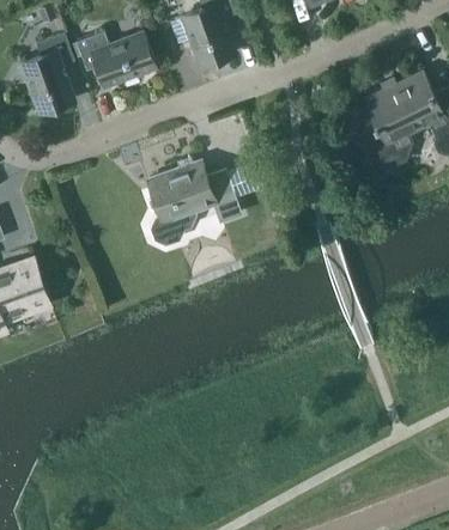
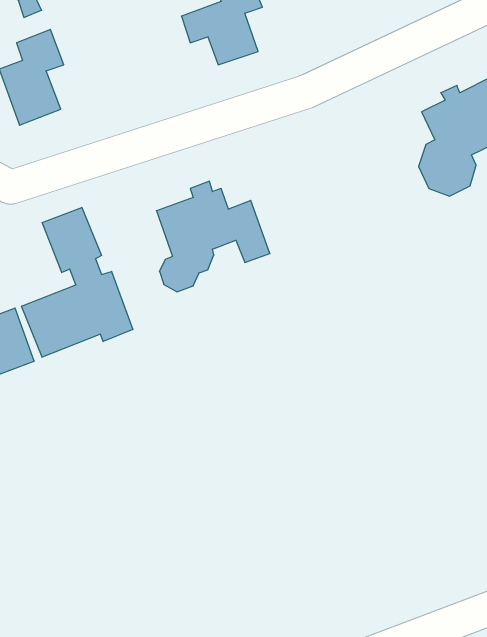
building: [75,32,152,83] -> none
building: none -> [22,207,133,357]

